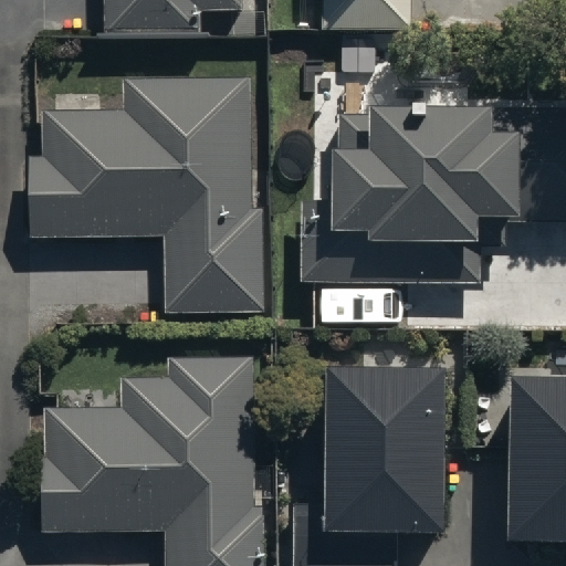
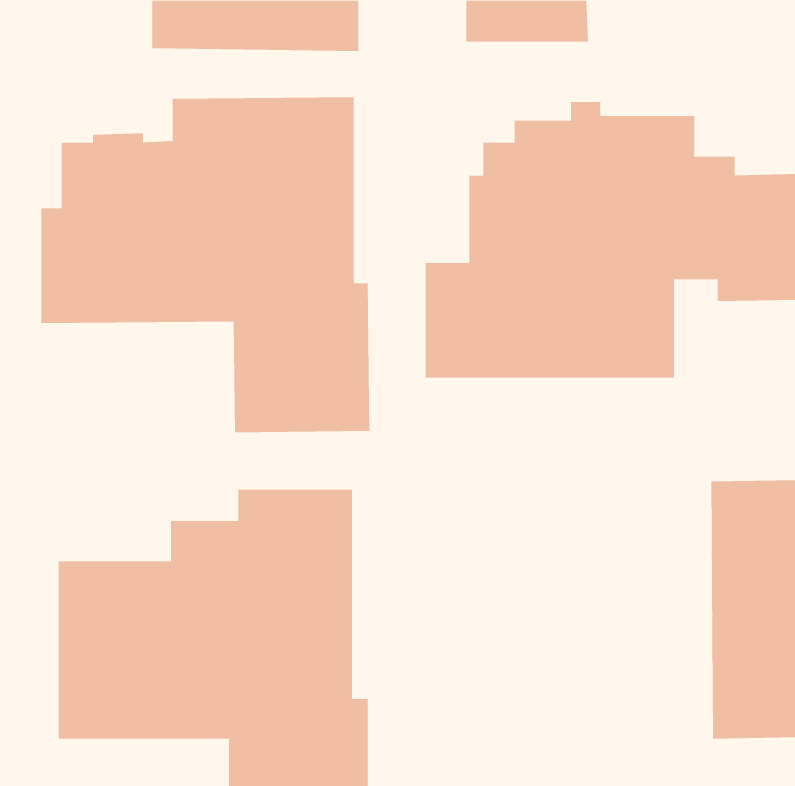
building: [317,356,439,525] -> none

